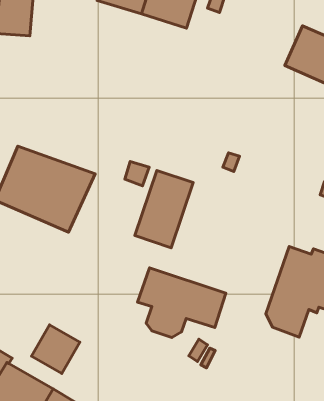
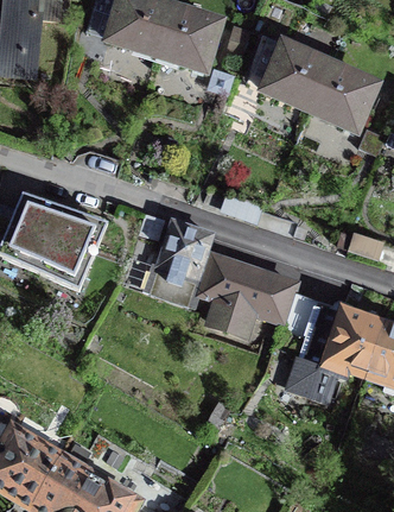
building: none -> [246,46,330,109]
building: [137,268,226,337] -> [201,257,296,331]
building: [31,325,80,374] -> none

